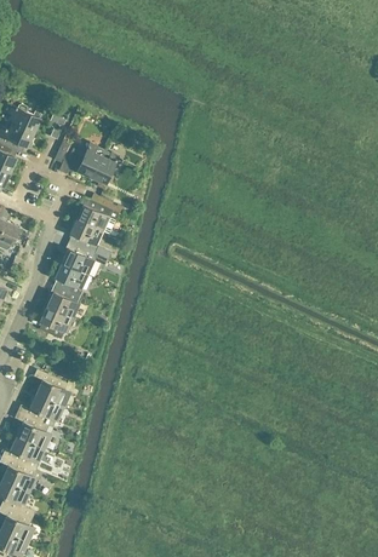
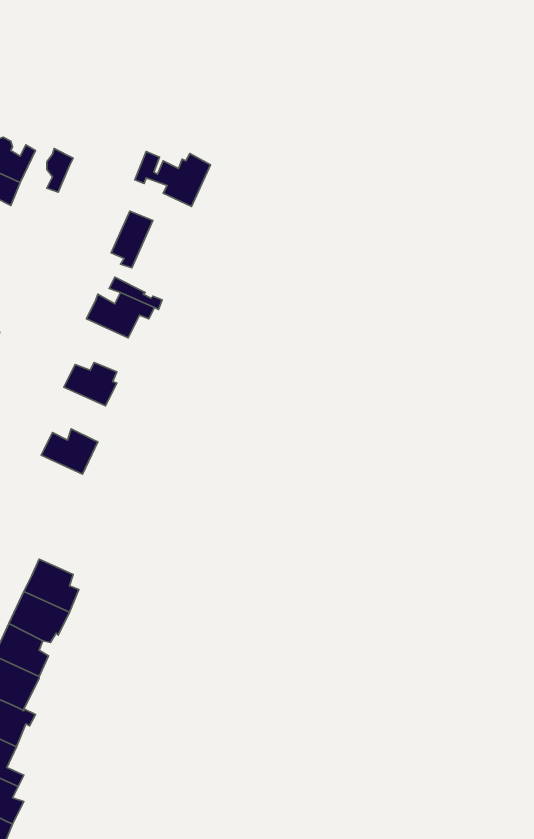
building: [55,142,103,177] -> [135,151,211,206]
building: [69,219,102,253] -> none
building: [55,263,87,297] -> none
building: [40,306,73,339] -> none

